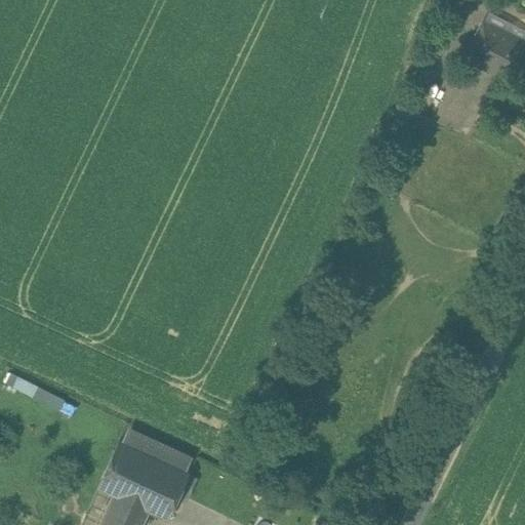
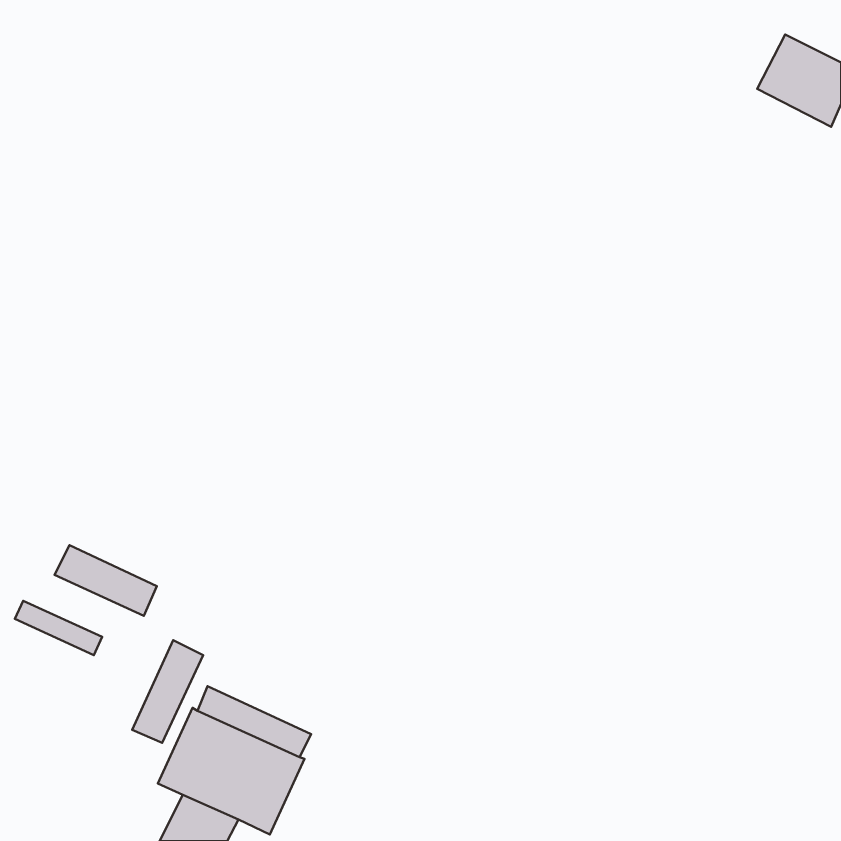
building: none -> [55,545,157,616]
building: none -> [132,640,203,743]

